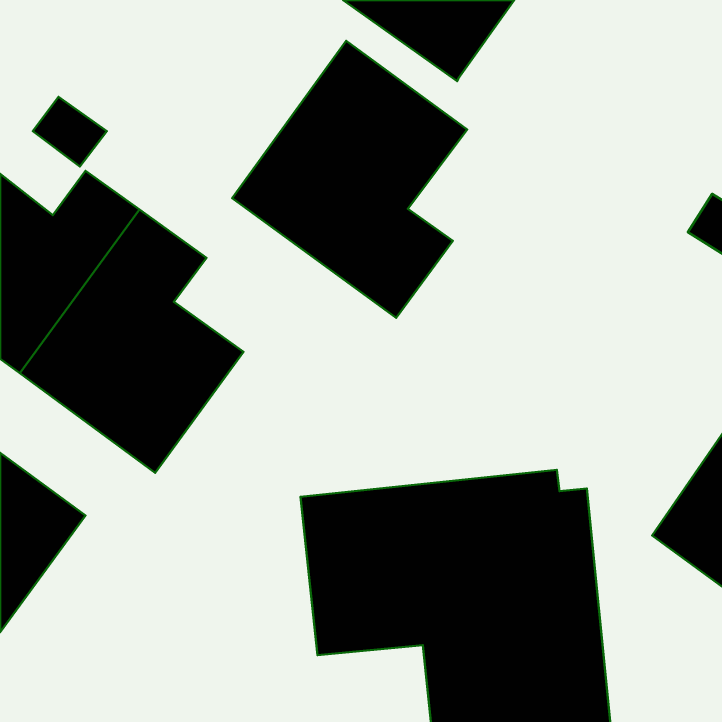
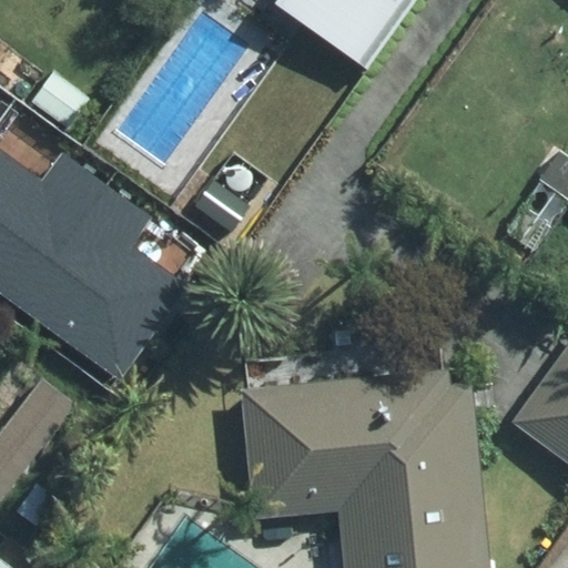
building: [232,41,467,318] -> none

